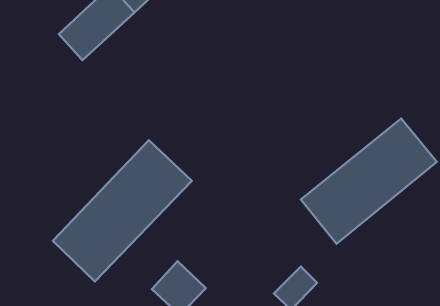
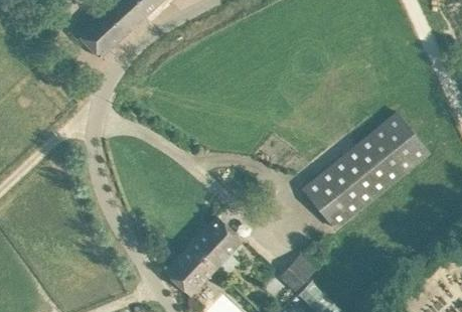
building: [53,140,192,282] -> none
building: none -> [188,215,243,270]

